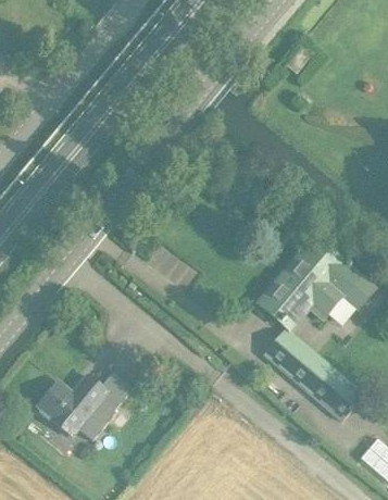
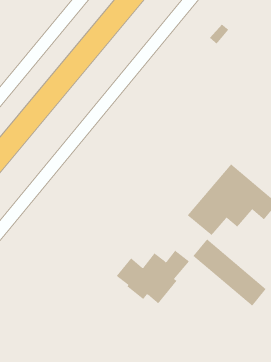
building: [37,371,134,441] -> [116,250,190,304]

